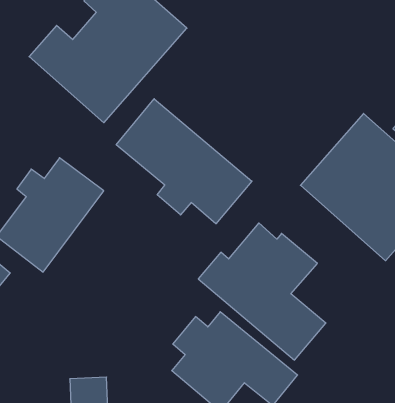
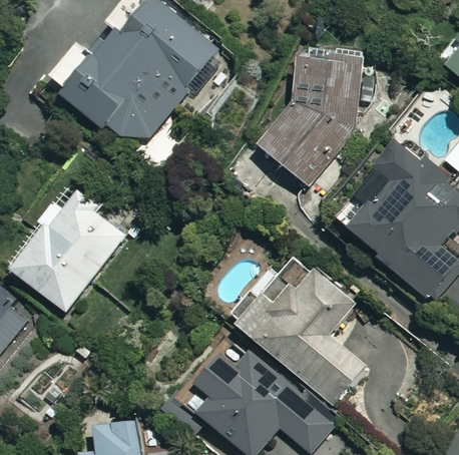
building: none -> [261,52,369,183]
building: [116,99,252,224] -> none

